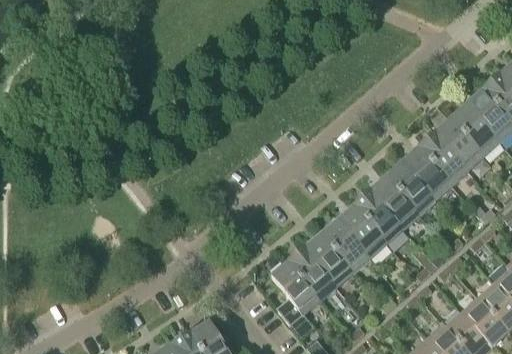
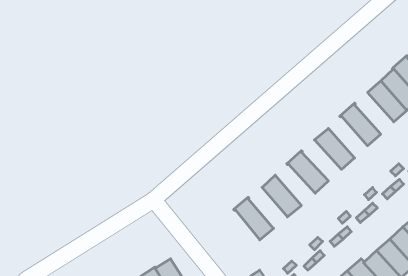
building: [435,120,483,171] -> none
building: [403,149,451,200] -> none
building: [370,178,419,228] -> none
building: [338,207,387,258] -> none
building: [305,236,353,286] -> none
building: [271,263,319,326] -> none

